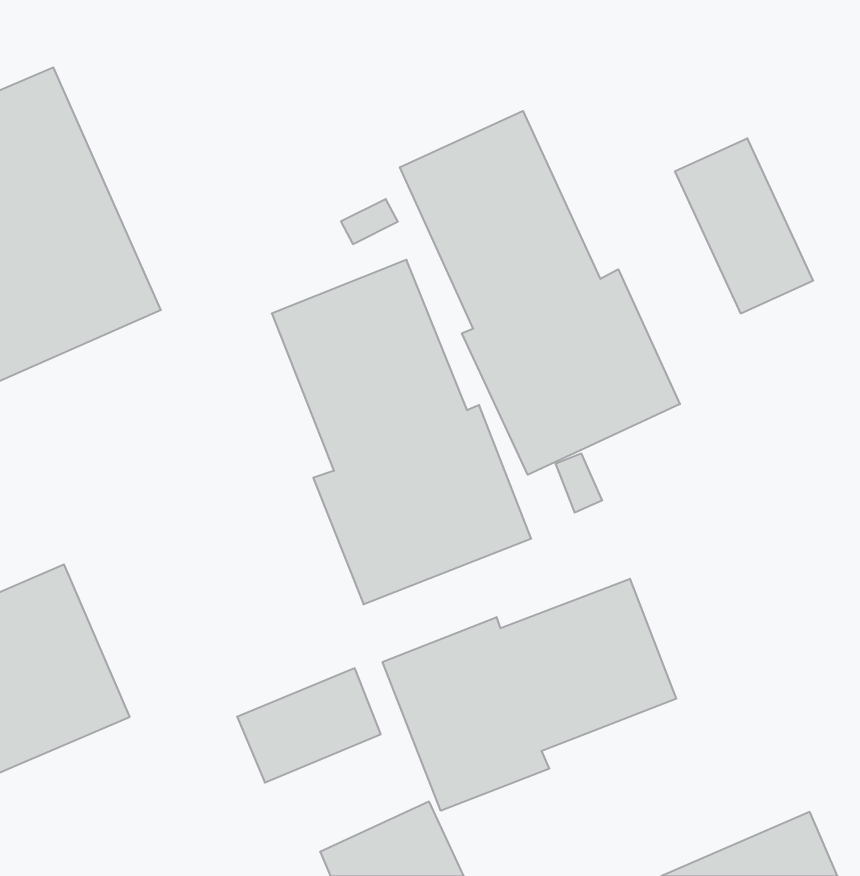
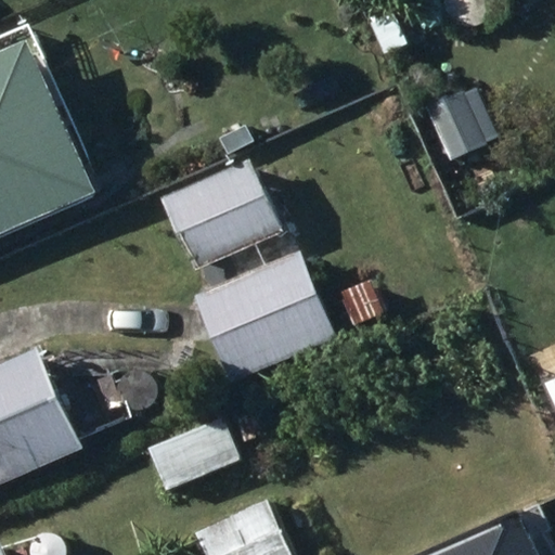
building: [400,111,680,475] -> none
building: [383,579,676,811] -> none

